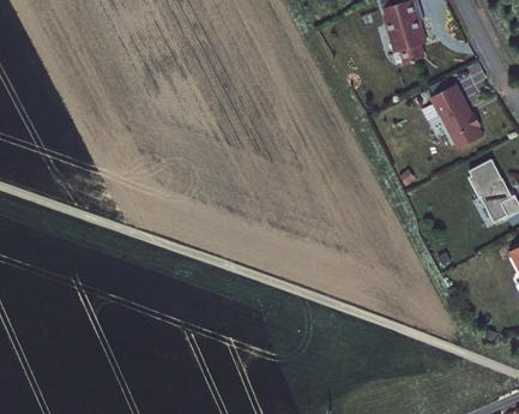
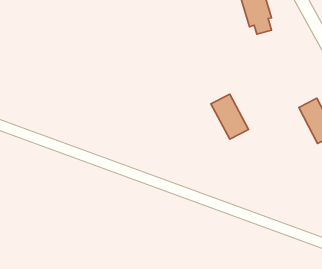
building: [430,84,485,150] -> [211,94,249,139]

